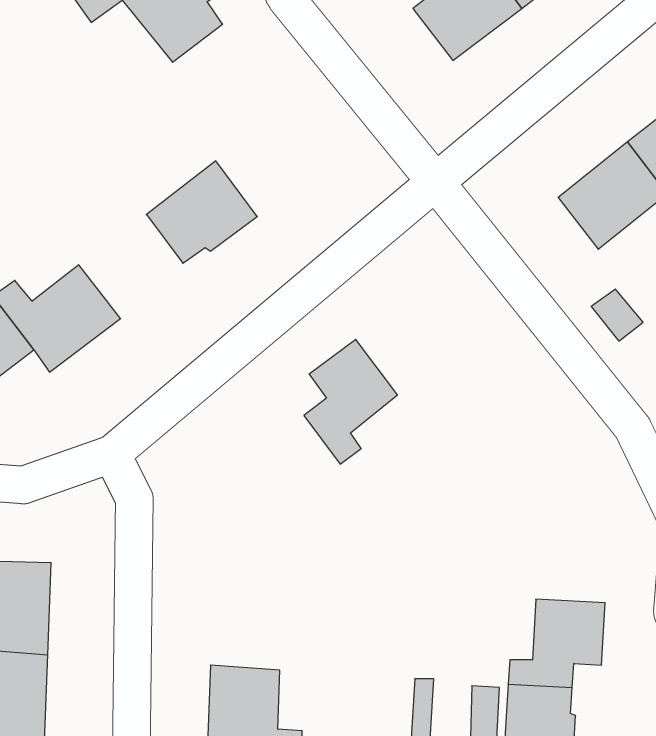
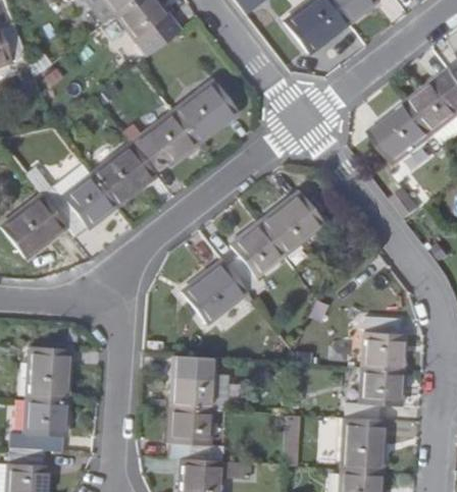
building: none -> [172,79,240,144]
building: none -> [92,143,155,204]
building: none -> [255,185,319,249]
building: none -> [181,258,246,321]
building: none -> [361,316,404,371]
building: none -> [169,357,213,411]

